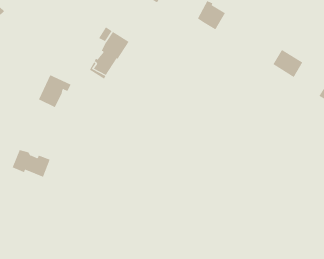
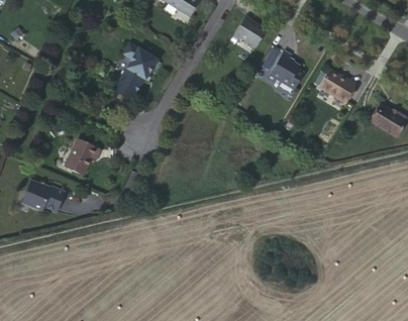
building: none -> [268,49,304,88]
building: [38,74,71,108] -> [66,138,103,176]

